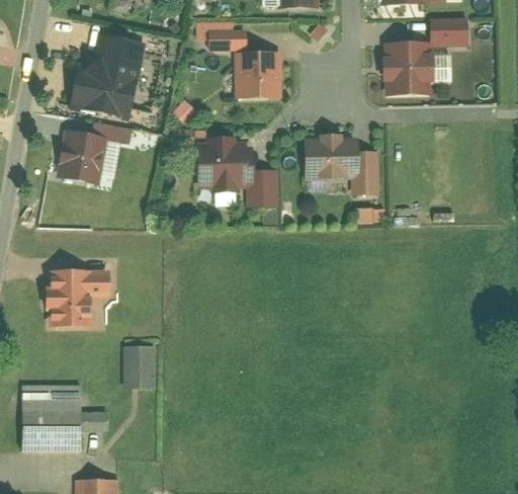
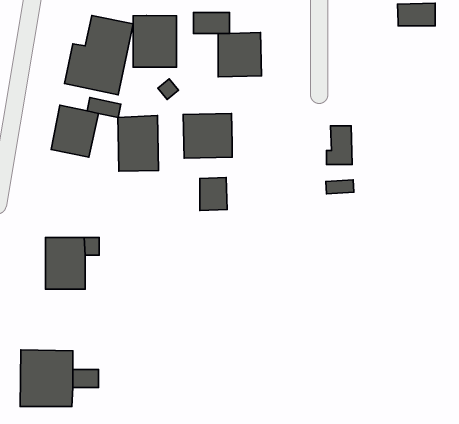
building: none -> [133,15,177,67]
building: [385,39,430,93] -> none
building: [306,134,357,178] -> none
building: none -> [118,115,159,171]
building: [251,169,280,204] -> [200,178,227,211]
building: [125,344,156,387] -> none

